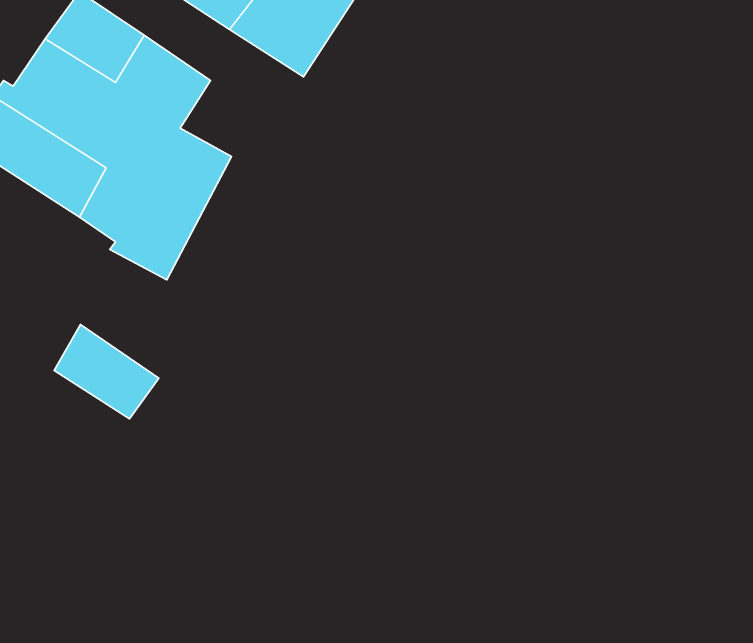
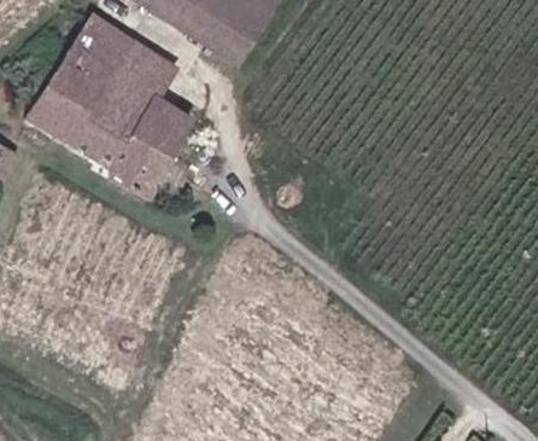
building: [54,324,159,419] -> none

